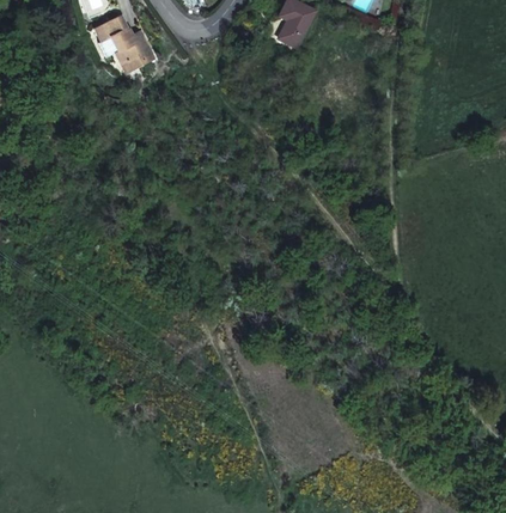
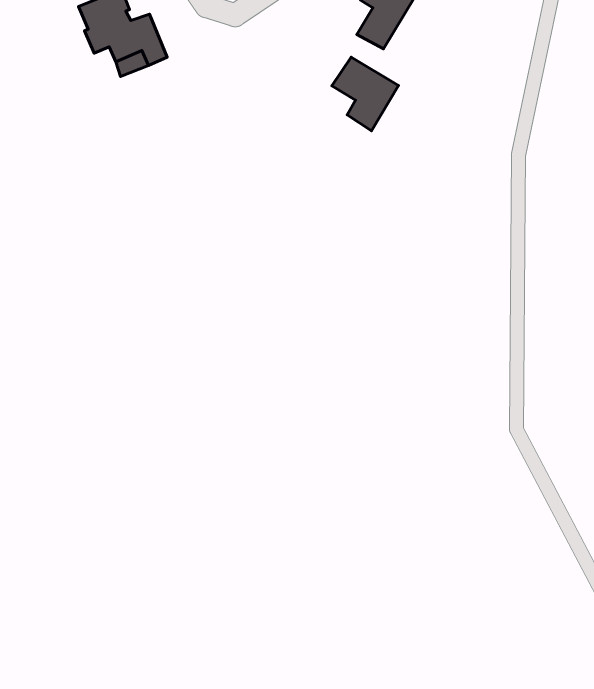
building: none -> [332,57,398,131]

